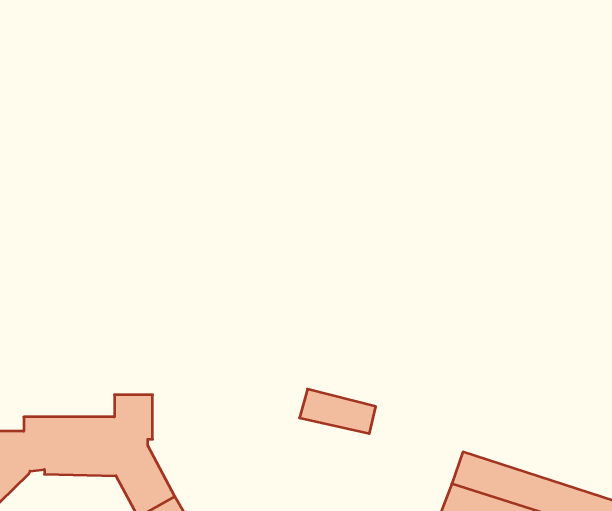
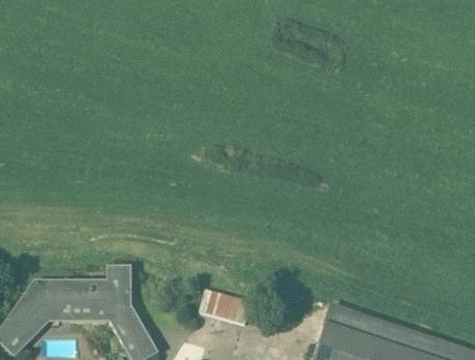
building: [299,389,376,434] -> [200,293,249,322]

